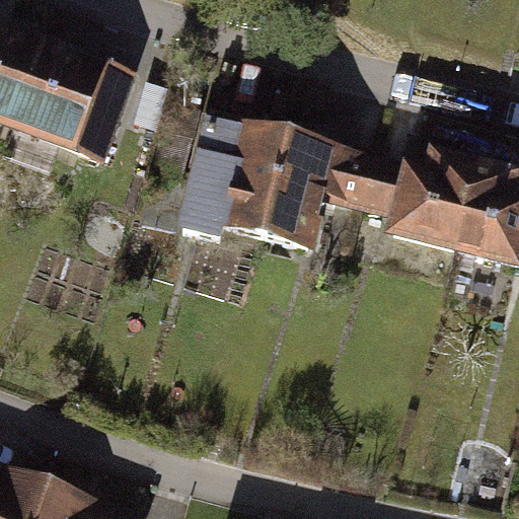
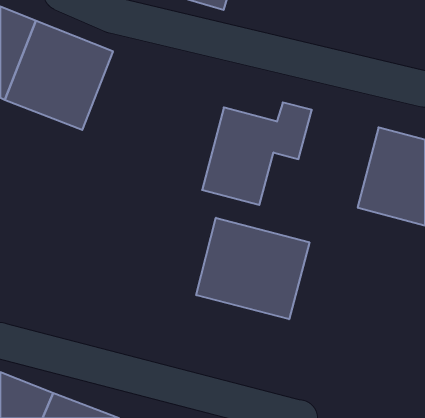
building: [178,114,273,231] -> none
building: [364,134,461,252] -> none
building: none -> [196,218,309,319]

